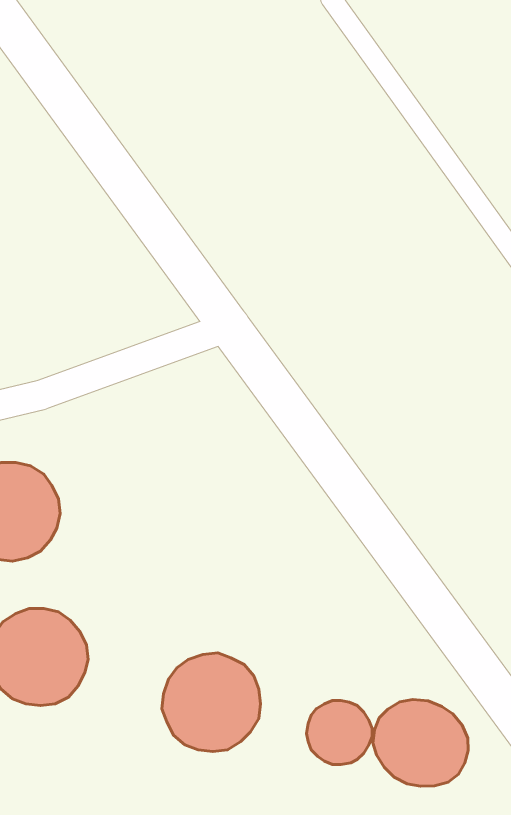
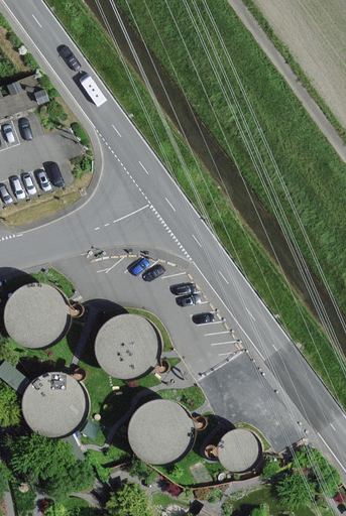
building: none -> [95,315,155,376]
building: [373,699,468,786] -> none

